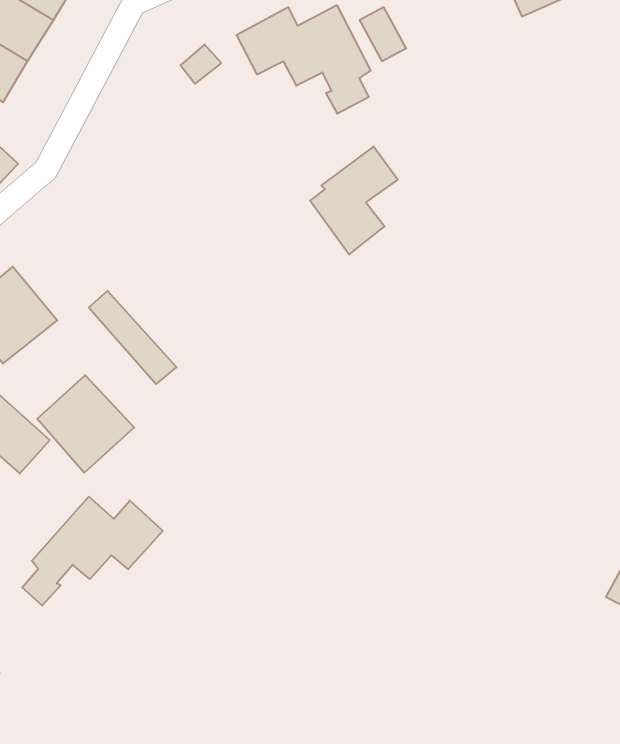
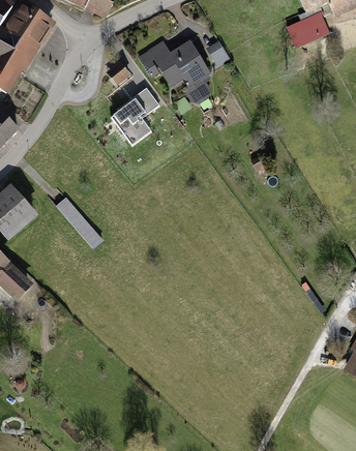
building: [310,146,398,255] -> [110,87,158,147]
building: [37,375,134,473] -> none
building: [22,497,163,606] -> none

